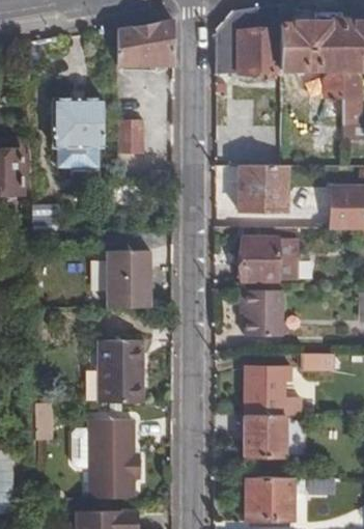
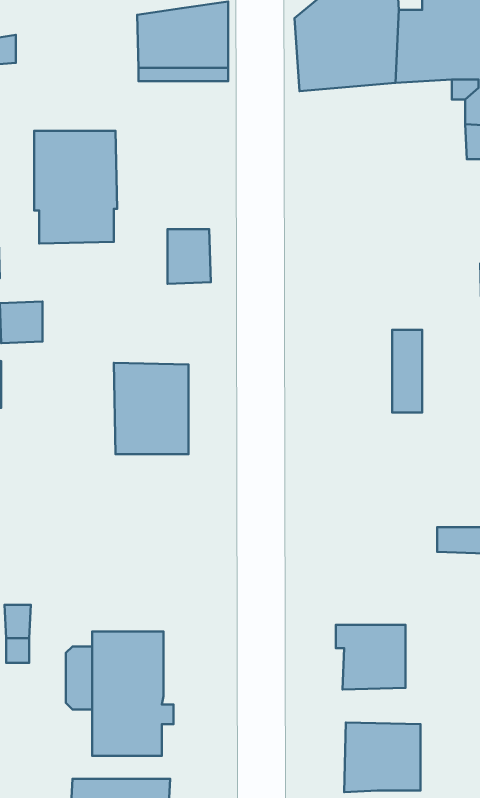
building: [119,119,146,154] -> [168,229,211,284]
building: [244,168,293,214] -> none
building: [242,228,277,281] -> none
building: [242,288,284,335] -> none
building: [101,339,143,400] -> none
building: [247,364,302,413] -> none

